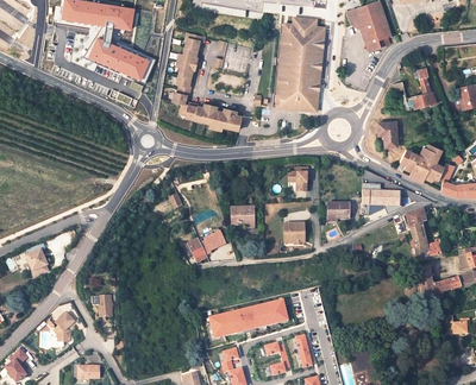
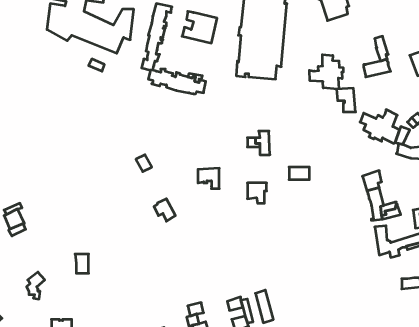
building: none -> [309,55,343,89]
building: [362,184,400,215] -> none
building: [203,299,286,340] -> none

